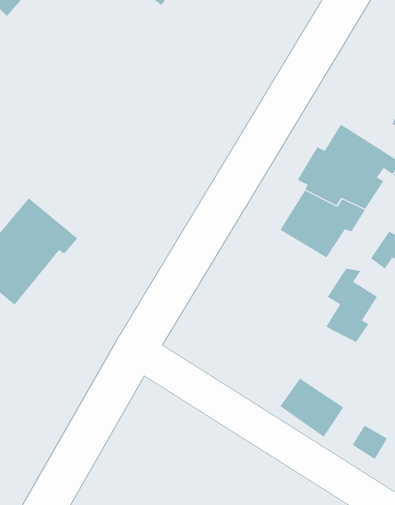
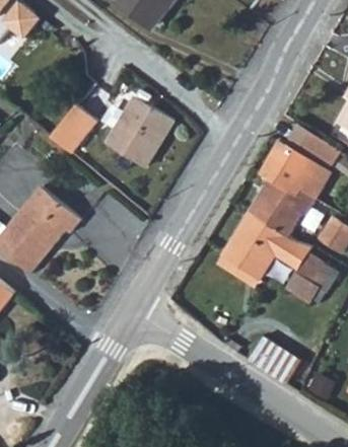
building: none -> [110,100,176,169]
building: none -> [49,102,94,150]
building: none -> [219,212,299,277]

